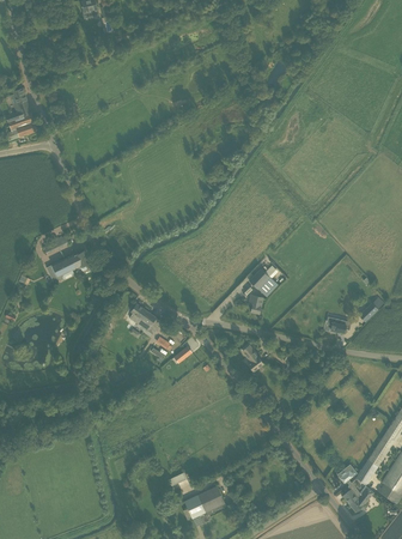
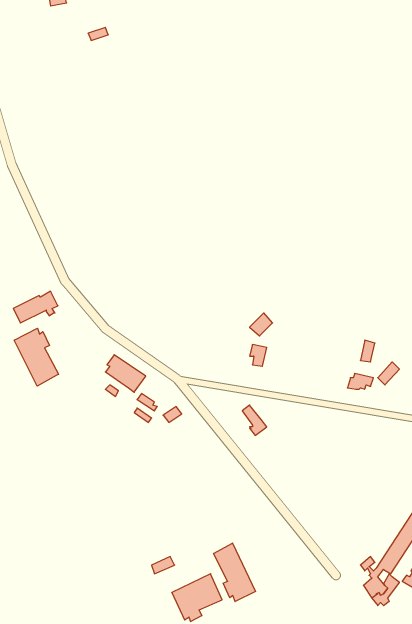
building: none -> [14,328,59,386]
building: none -> [214,543,256,602]

